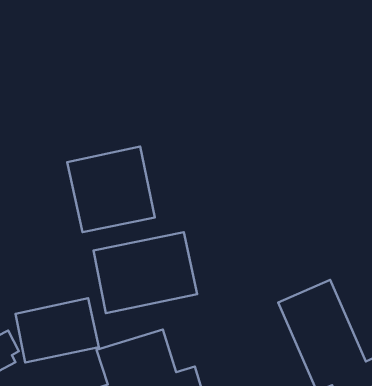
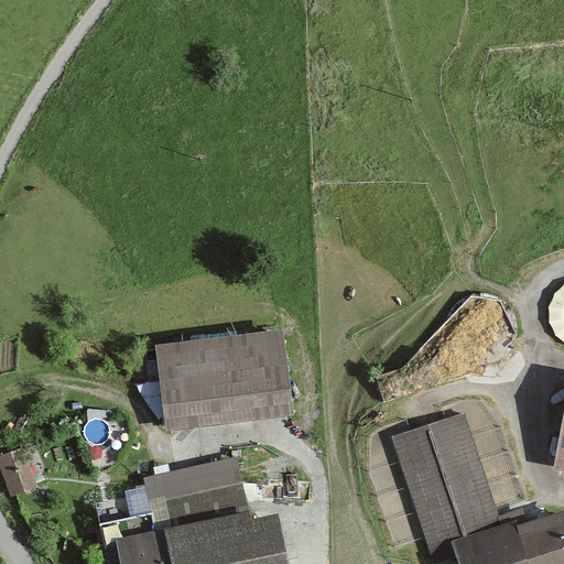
building: [67,147,155,232] -> none
building: [15,298,99,363] -> none

